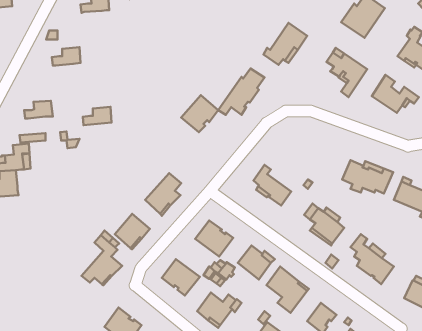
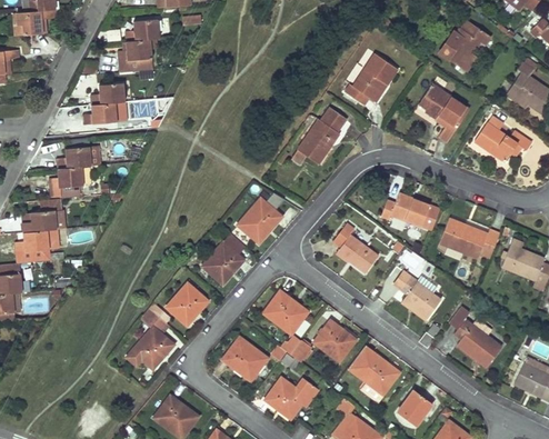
building: none -> [118,39,152,72]
building: [181,95,218,132] -> [237,198,281,242]
building: [83,107,111,125] -> [82,102,117,124]
building: none -> [49,166,83,188]
building: none -> [381,192,440,229]

